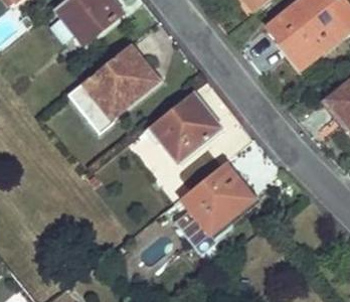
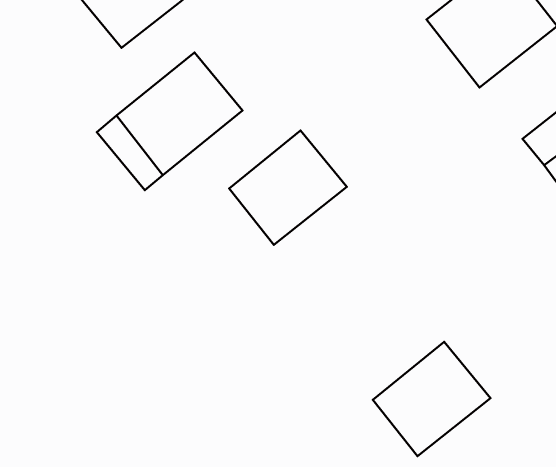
building: [181,164,252,234] -> [373,342,490,456]

